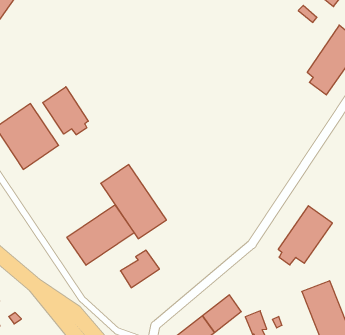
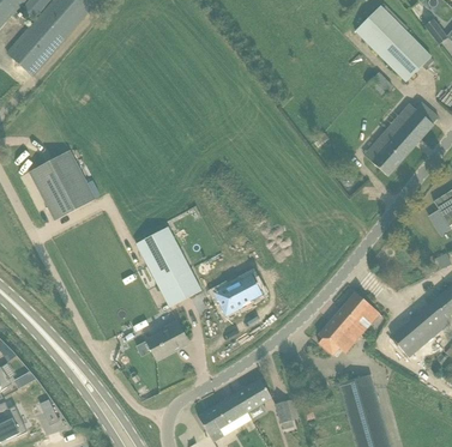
building: [43,87,88,135] -> none
building: none -> [211,272,259,310]
building: [67,205,134,265] -> none

